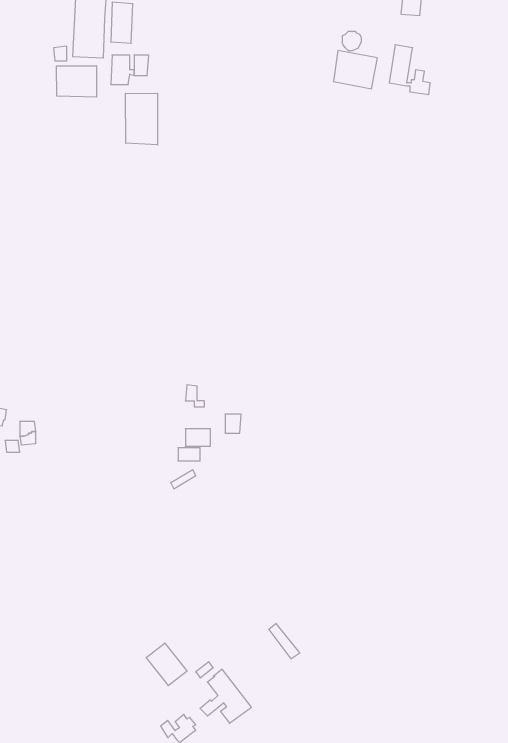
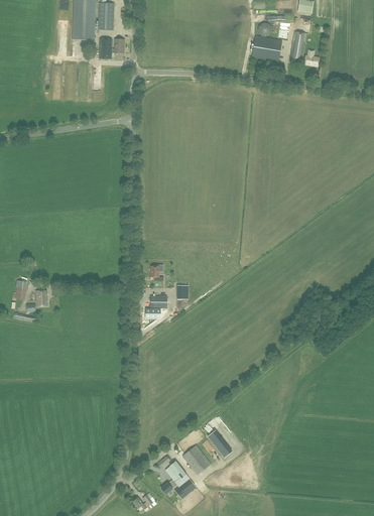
building: [57,66,96,97] -> none
building: [125,93,158,145] -> none
building: [146,643,187,686] -> [181,444,210,474]

